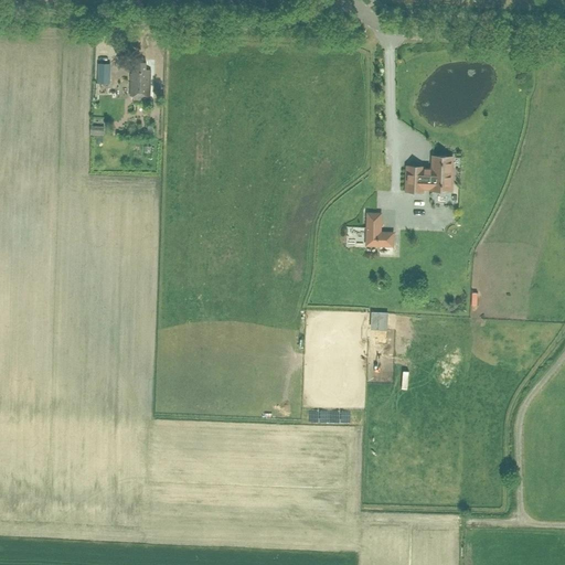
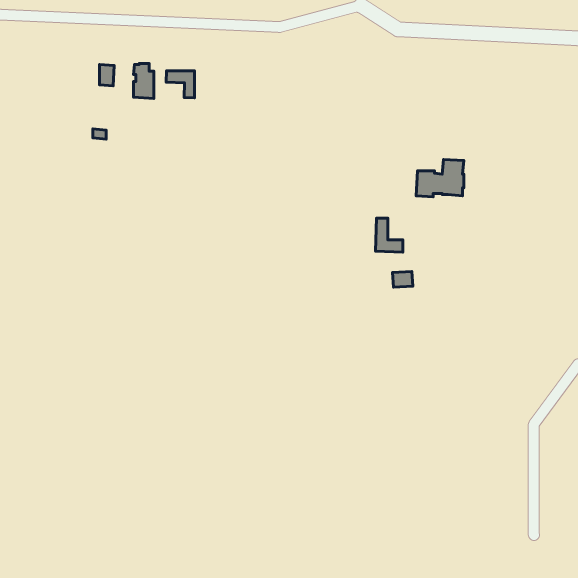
building: none -> [166,71,195,98]

